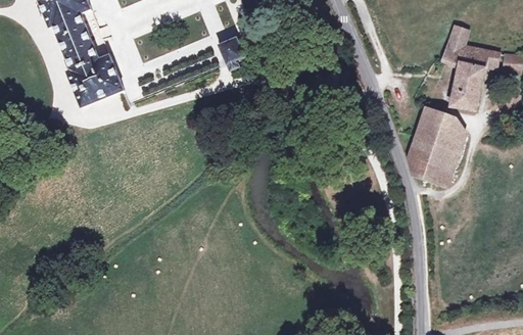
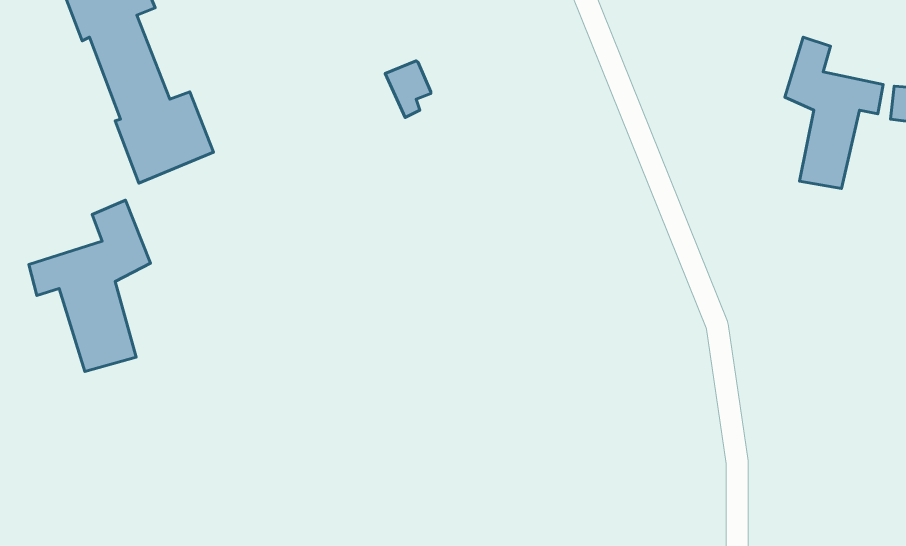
building: [409,108,463,185] -> none
building: none -> [29,200,150,372]

